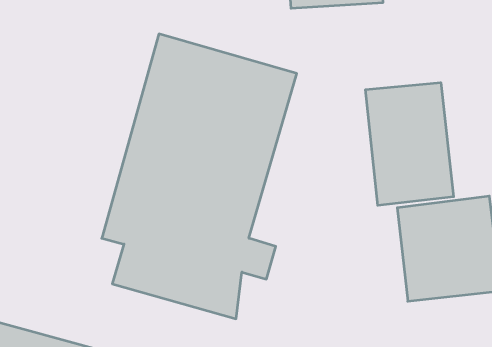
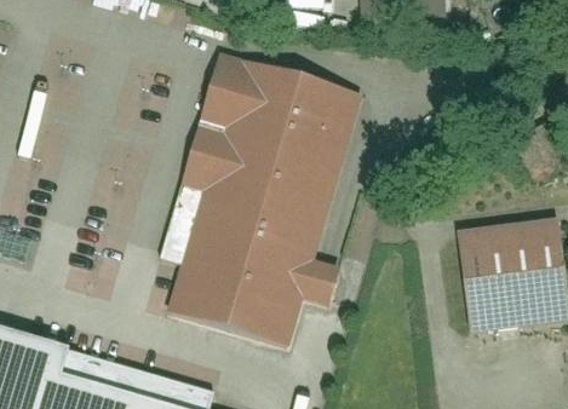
building: [366,83,454,205] -> none

